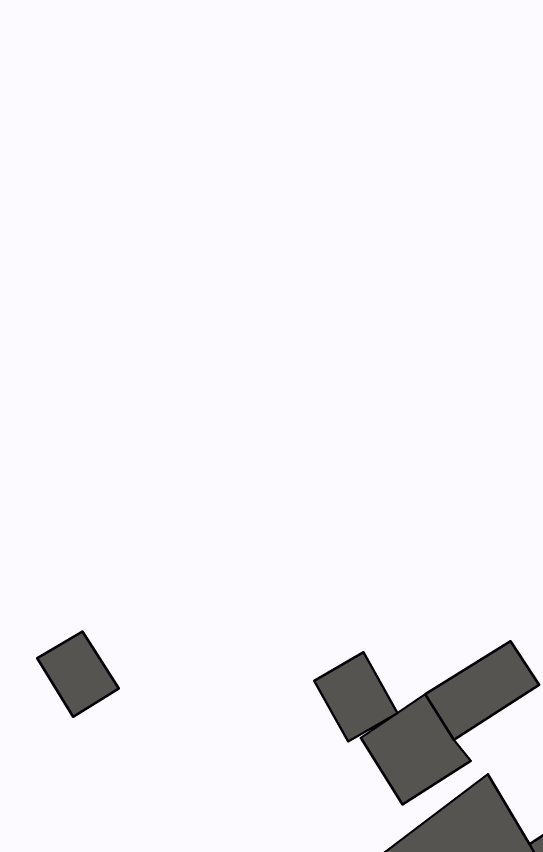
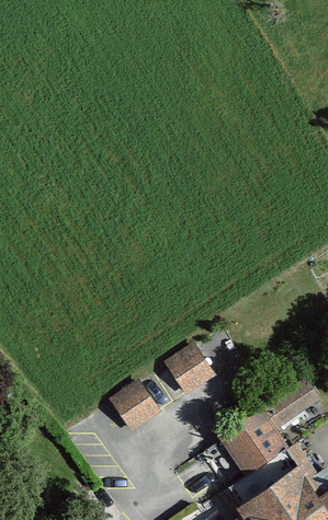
building: [37,632,119,717] -> [112,381,159,430]
building: [314,652,398,742] -> [169,346,217,397]

